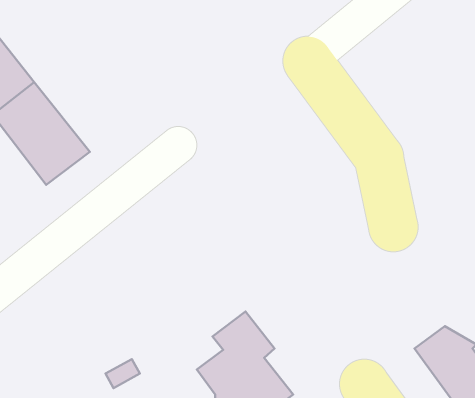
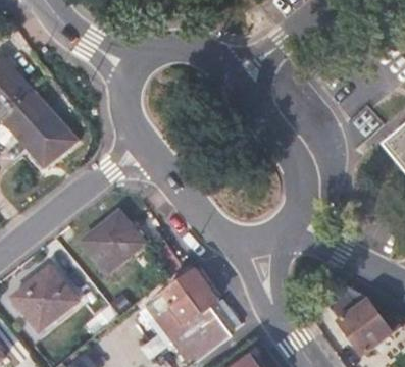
building: none -> [82,210,146,272]
building: none -> [10,266,75,331]

